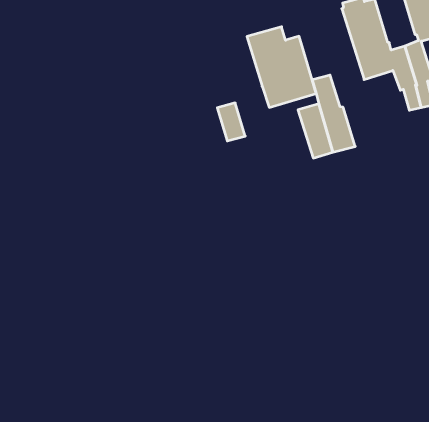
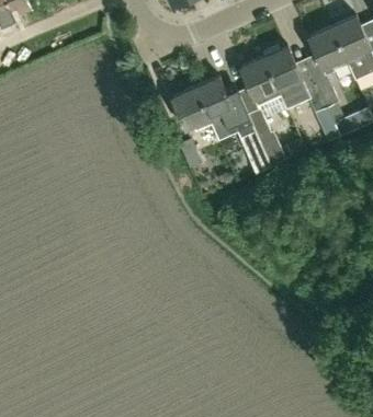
building: none -> [239,57,287,115]
building: none -> [171,88,211,131]

